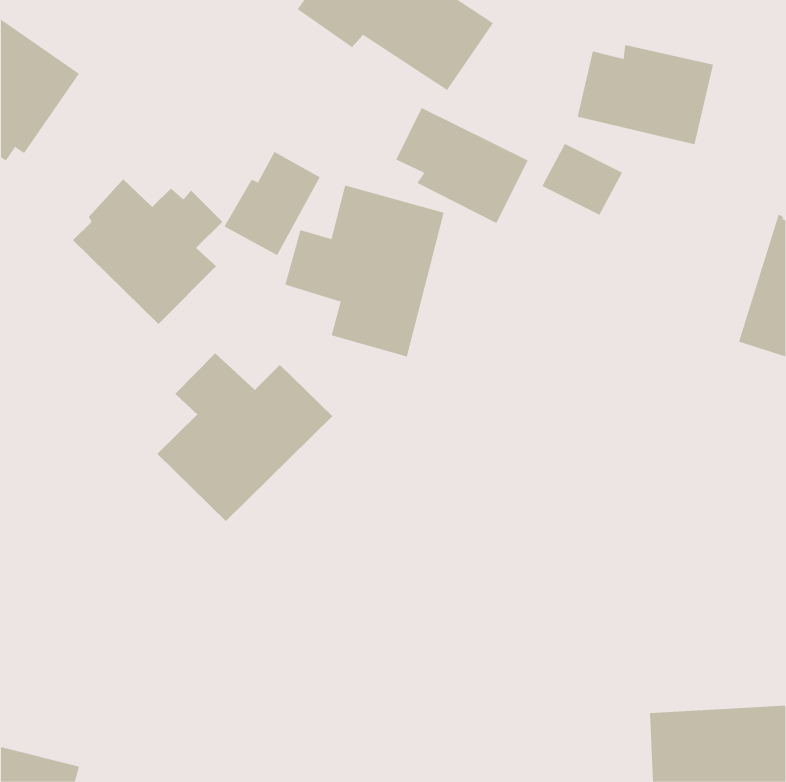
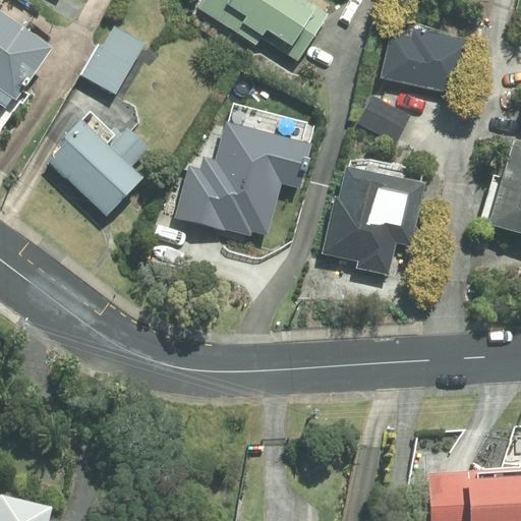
building: [395,107,528,224] -> none
building: [224,151,320,256] -> [78,23,142,93]
building: none -> [322,168,424,276]
building: [157,353,333,522] -> none

